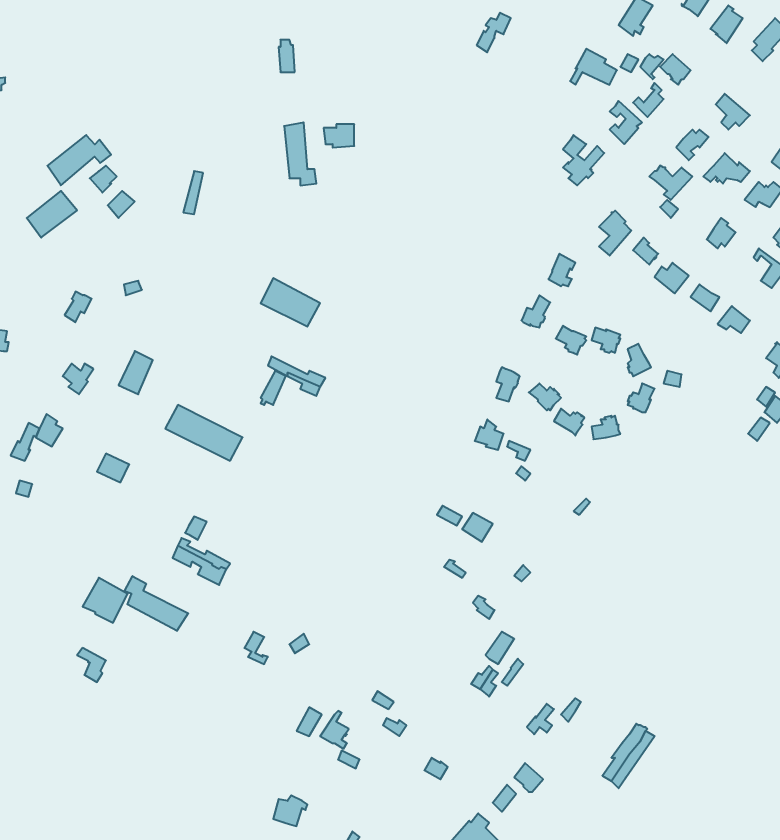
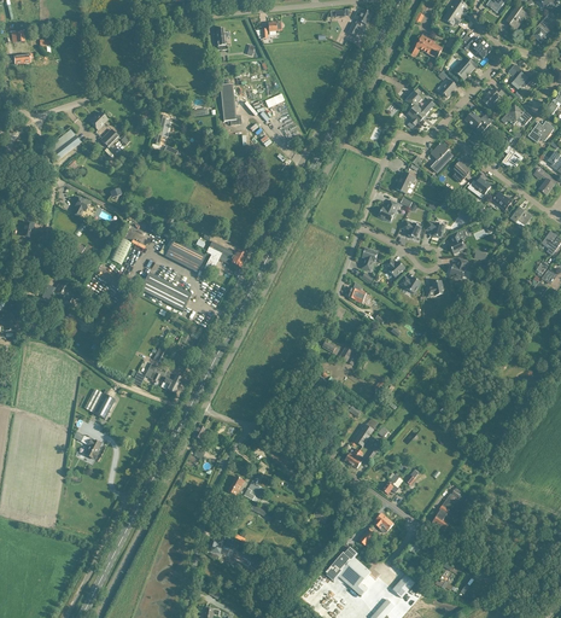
building: [47,135,111,185] -> none
building: [261,278,320,327] -> [164,239,204,272]
building: [124,576,188,631] -> none

